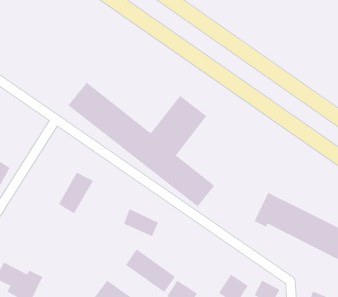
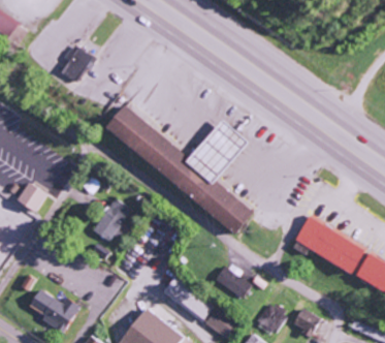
building: none -> [61,45,94,84]
building: [123,209,159,237] -> [216,268,252,297]

